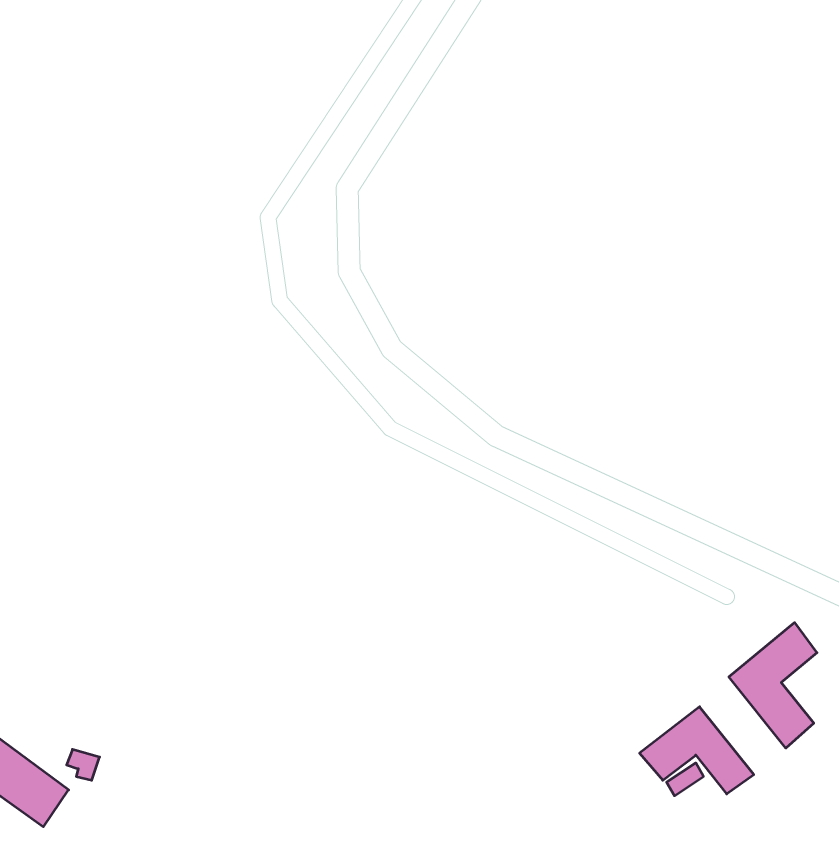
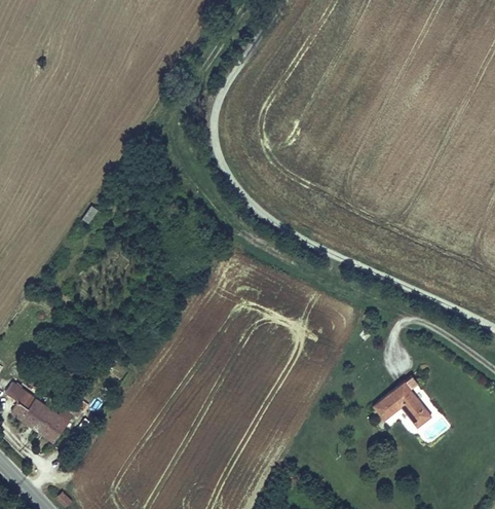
building: [729,623,817,748] -> none

